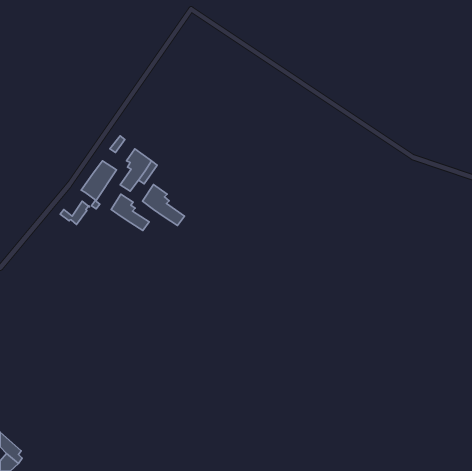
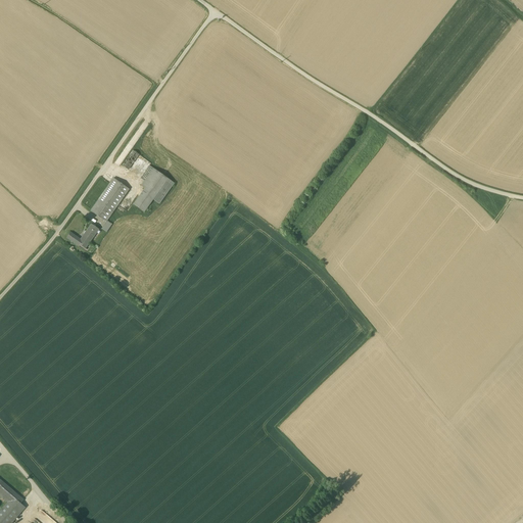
building: [142,185,185,225] -> none
building: [111,194,149,230] -> none

